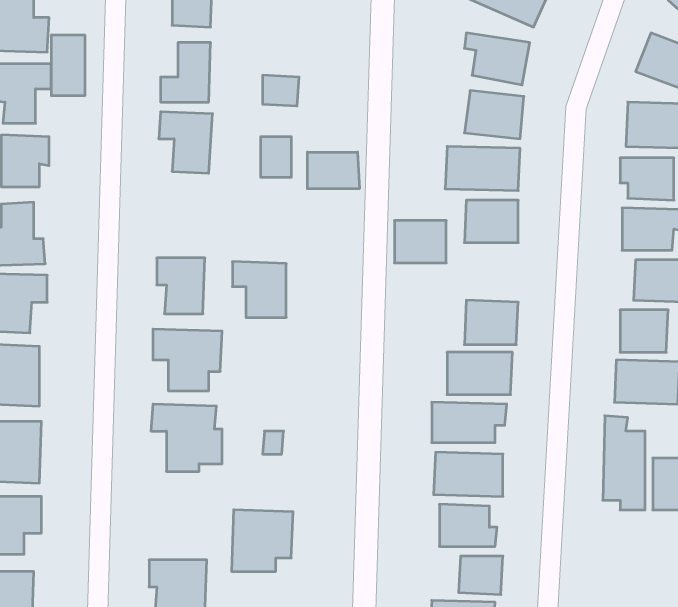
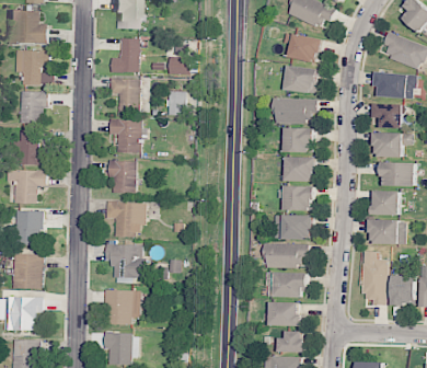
building: [51,35,85,96] -> none
building: [307,152,359,189] -> none
building: [394,221,446,263] -> [285,157,314,181]
building: [232,262,286,317] -> [109,119,140,151]
building: [232,510,293,571] -> [105,289,140,324]

